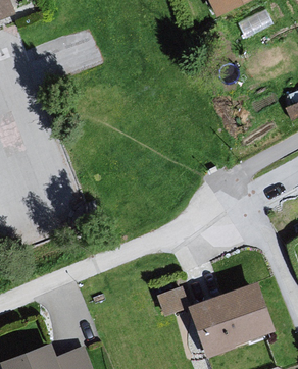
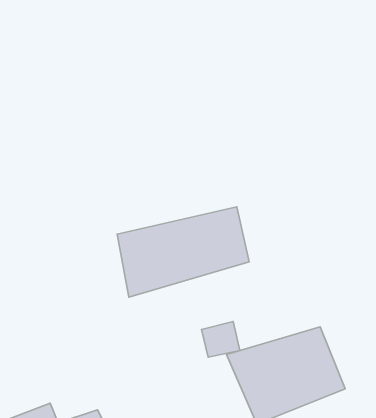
building: none -> [117,207,249,297]

